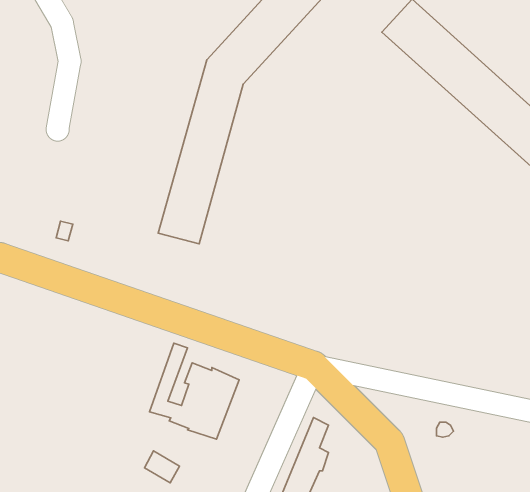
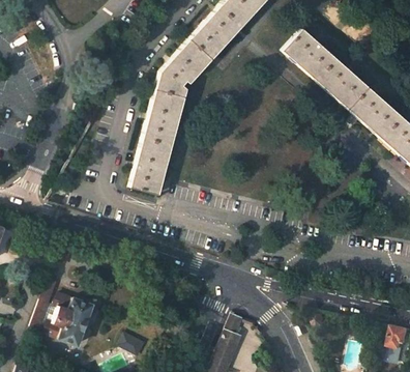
building: [149,343,239,439] -> [32,279,93,344]

